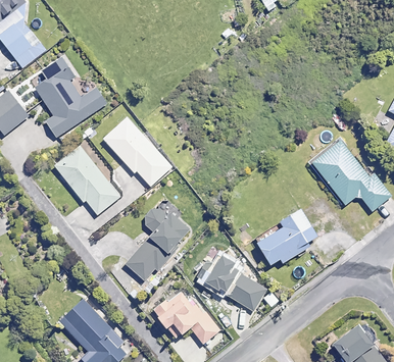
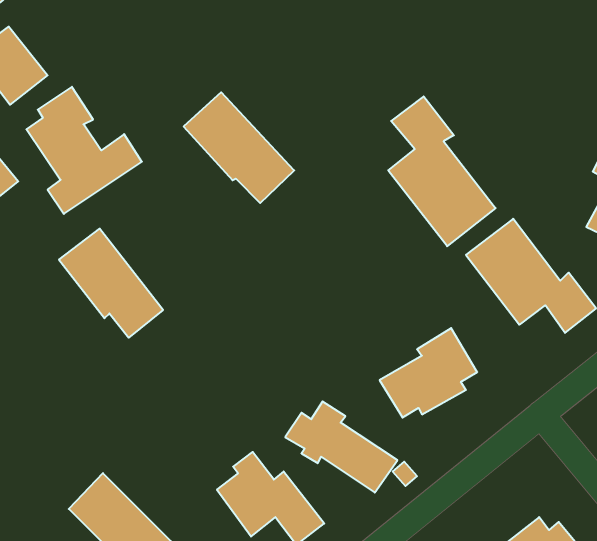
building: none -> [388,96,496,246]
building: [103,117,173,187] -> [184,92,294,203]
building: [126,207,189,280] -> none

